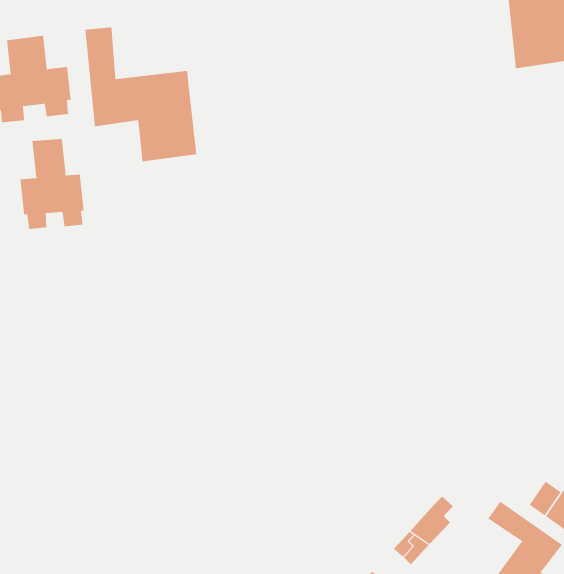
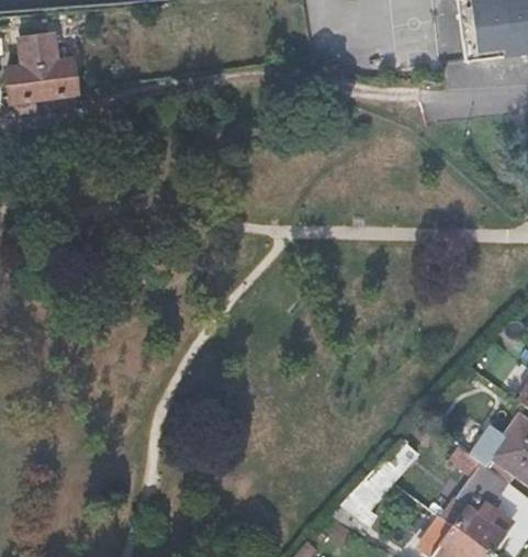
building: [85,26,197,162] -> none
building: [20,138,84,230] -> none

